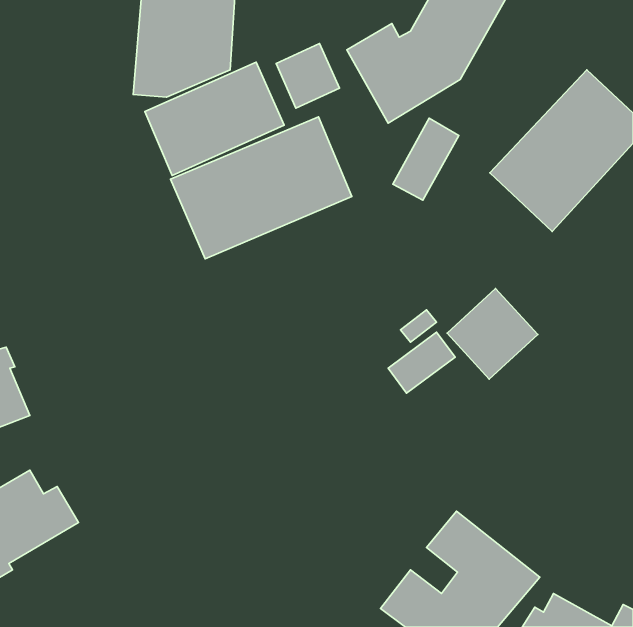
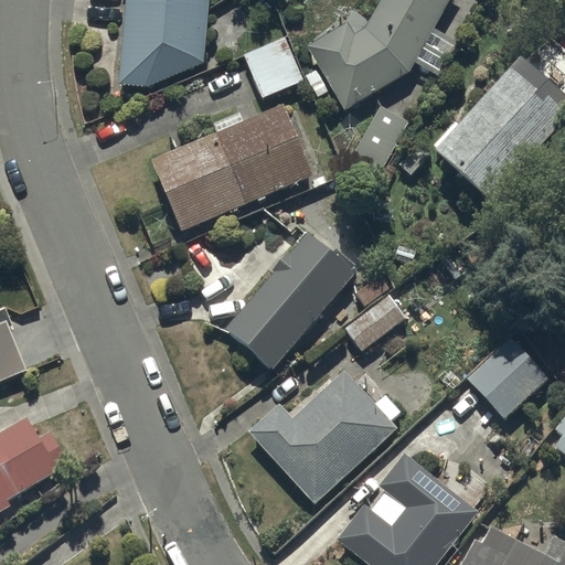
building: [145,62,284,175] -> none
building: none -> [225,232,354,369]
building: [447,288,538,379] -> [467,338,547,418]
building: none -> [249,371,397,503]

